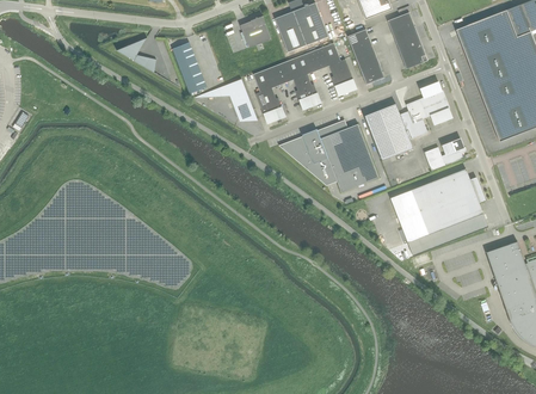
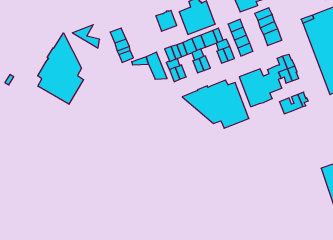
building: none -> [38,33,84,104]
building: [390,168,488,256] -> none

